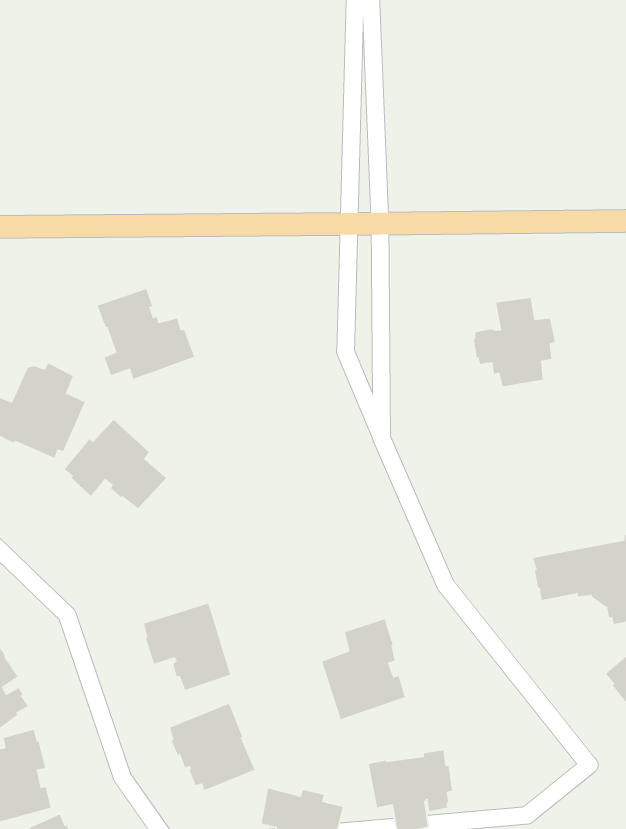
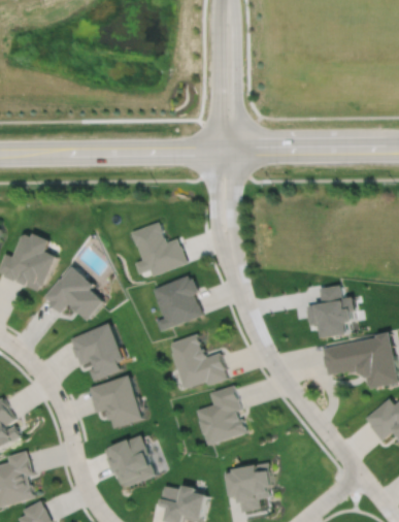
building: [97,288,195,380] -> [129,221,188,275]
building: [473,297,556,387] -> [306,285,356,338]
building: none -> [152,274,203,331]
building: none -> [70,323,124,381]
building: none -> [169,333,227,389]

